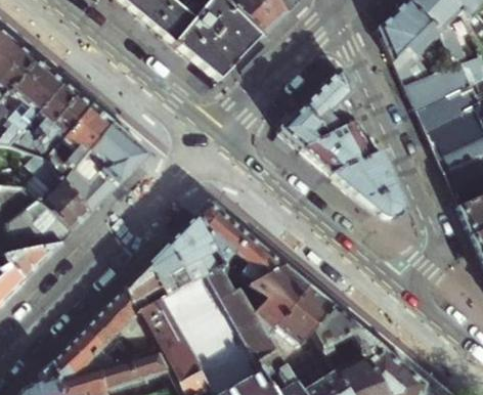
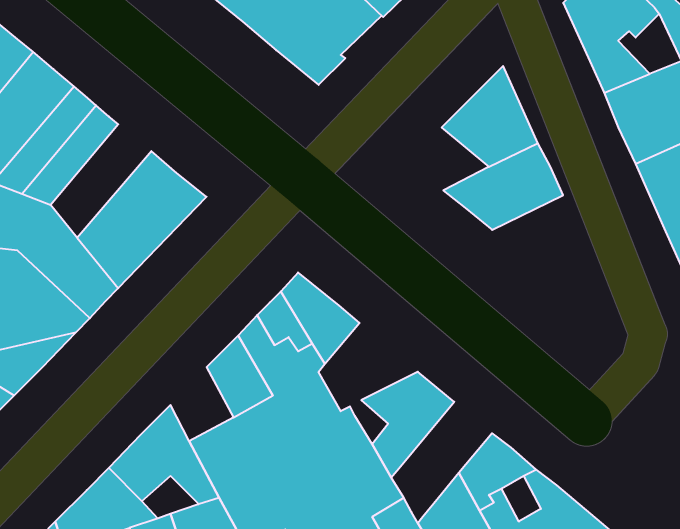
building: [47,105,113,179] -> none
building: [279,107,332,148] -> none
building: [334,151,403,219] -> none
building: [221,234,286,292] -> none
building: [125,263,166,311] -> none
building: [274,286,334,348] -> none

